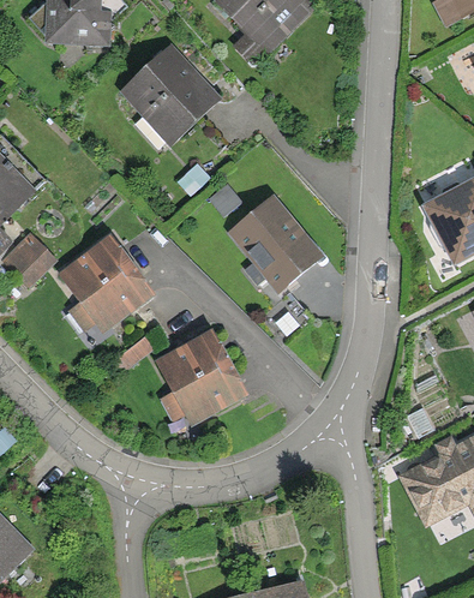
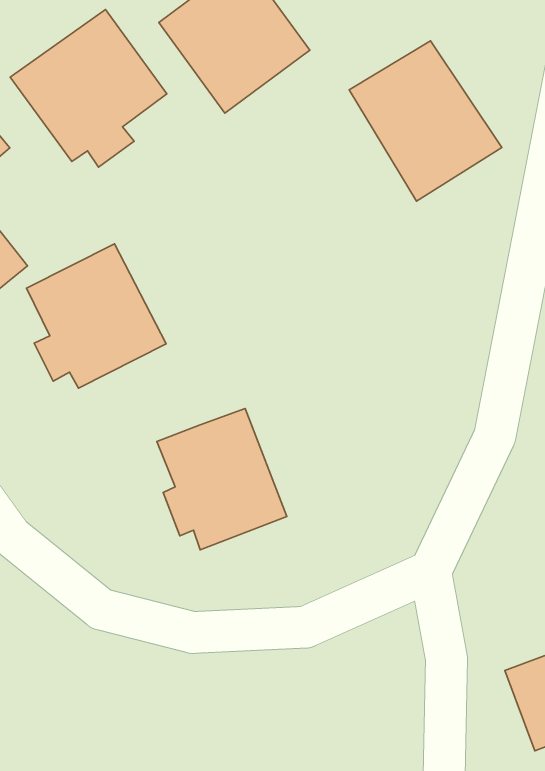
building: none -> [10,10,167,167]
building: [226,187,329,292] -> [349,41,502,201]

